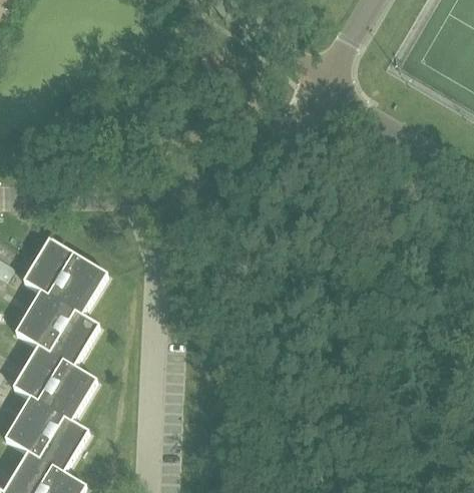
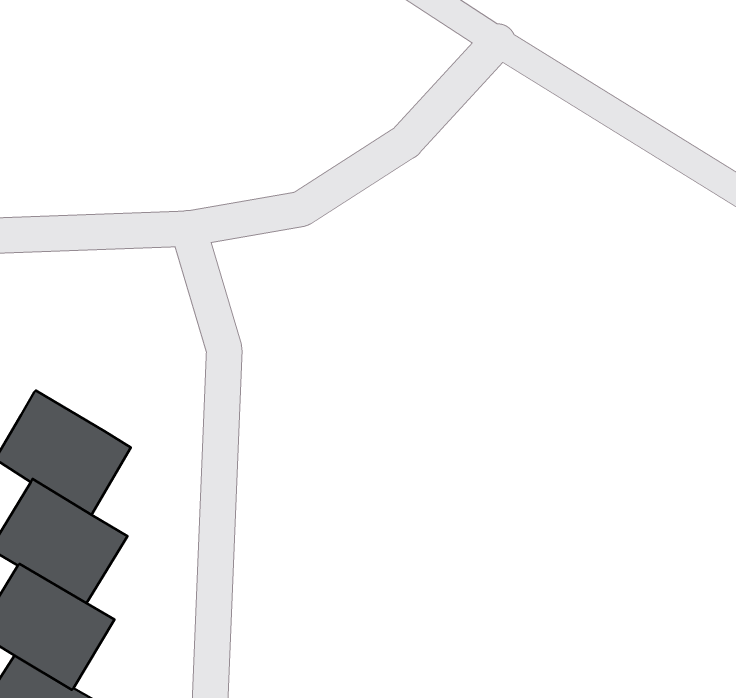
building: [22,237,105,315] -> none

